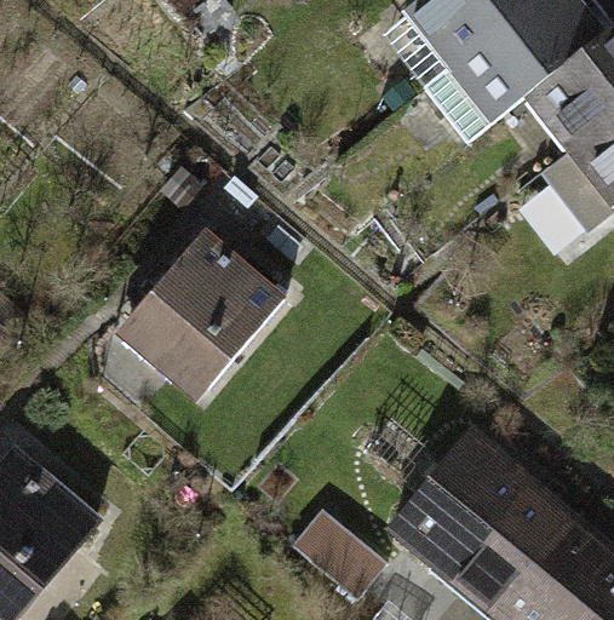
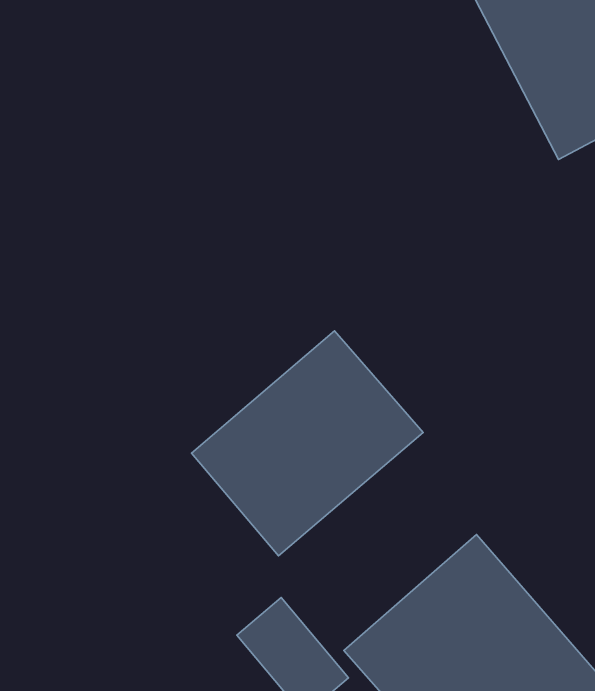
building: [105,235,282,417] -> [191,331,423,556]

